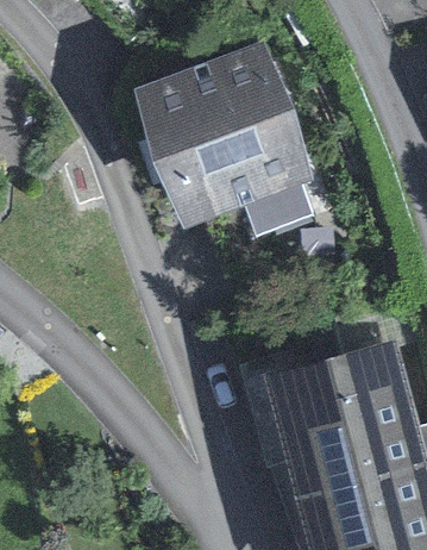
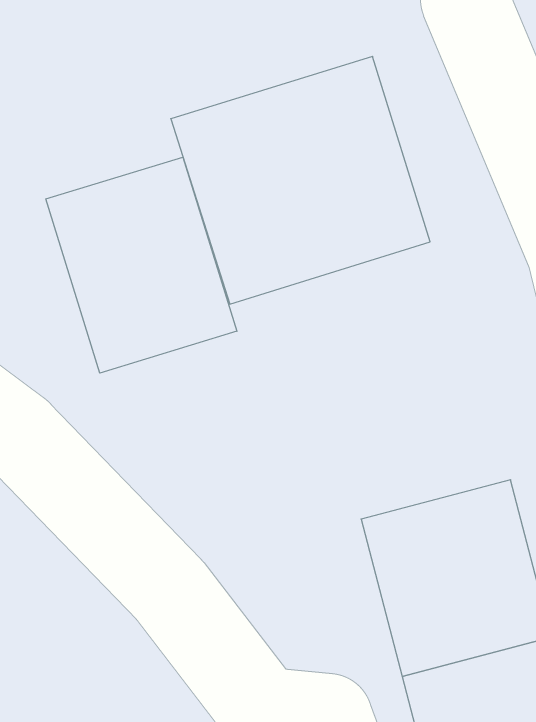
building: none -> [46,157,237,373]

